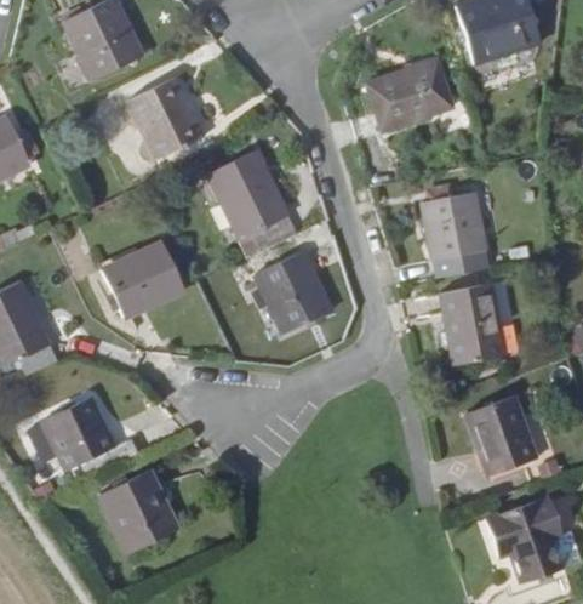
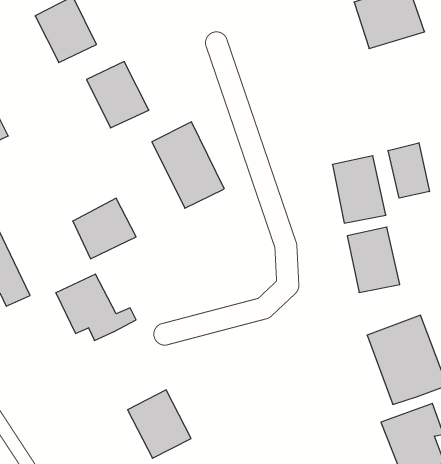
building: [365,61,451,126] -> none
building: none -> [388,143,429,198]
building: [236,233,331,331] -> none
building: [42,399,141,480] -> [56,274,136,341]
building: [103,472,181,555] -> [128,390,191,458]

